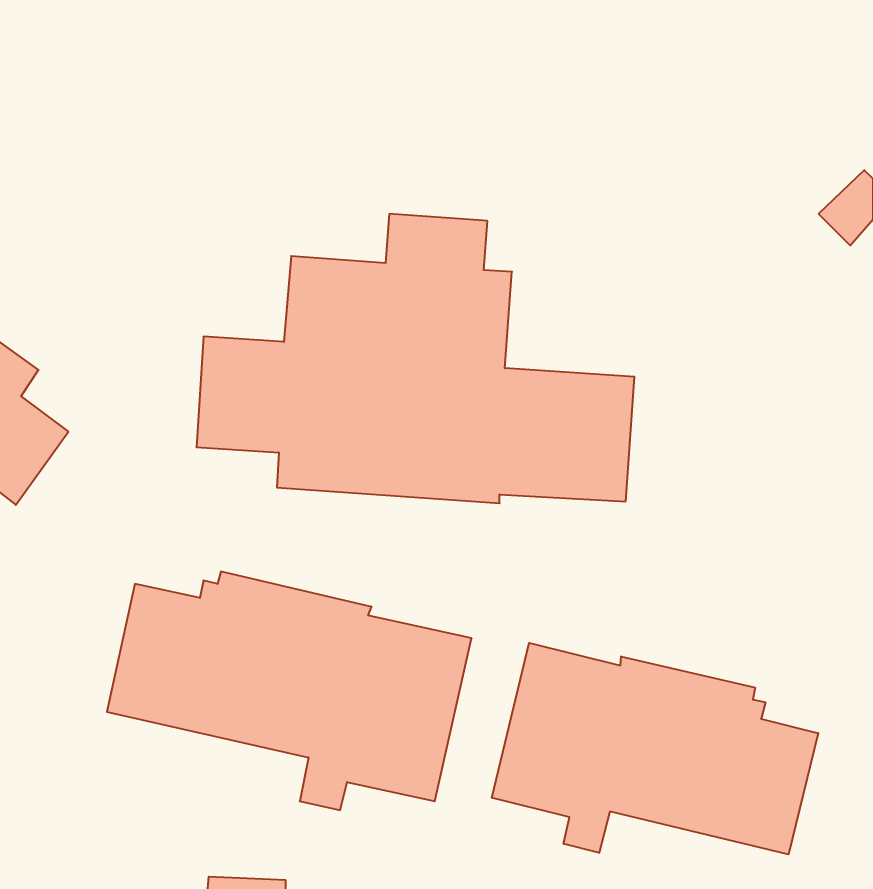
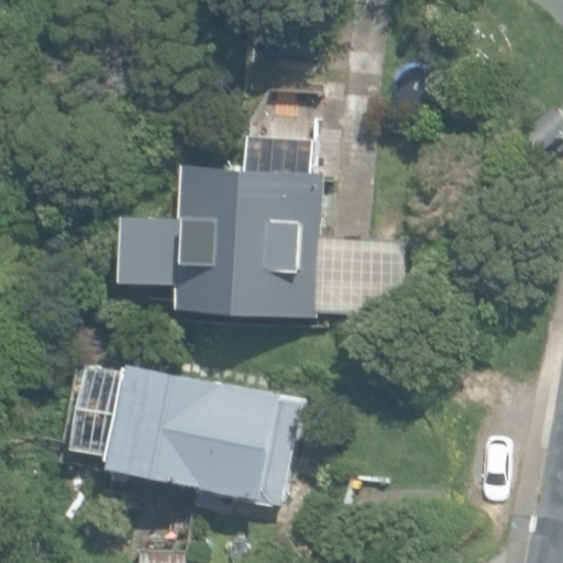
building: [492,643,818,854] -> none

